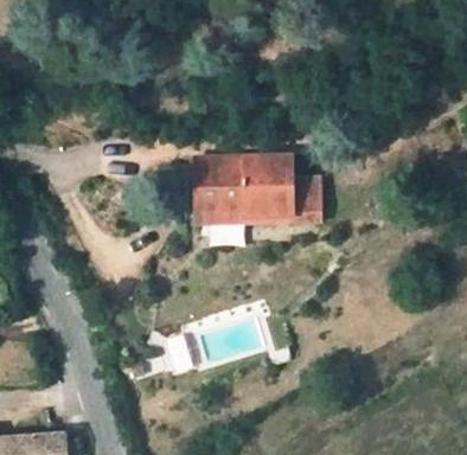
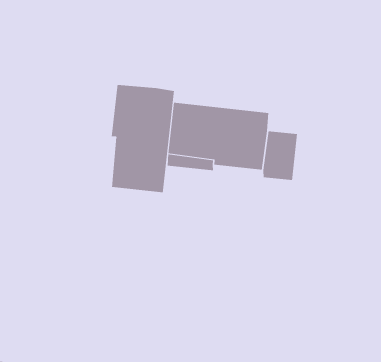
building: none -> [111,84,174,193]

